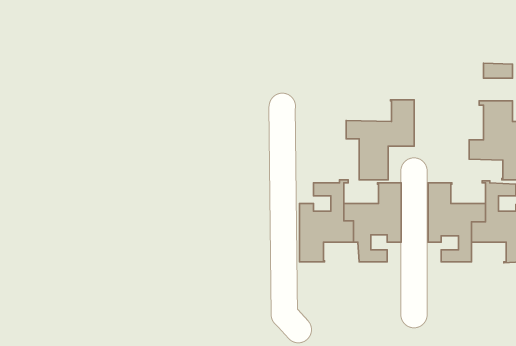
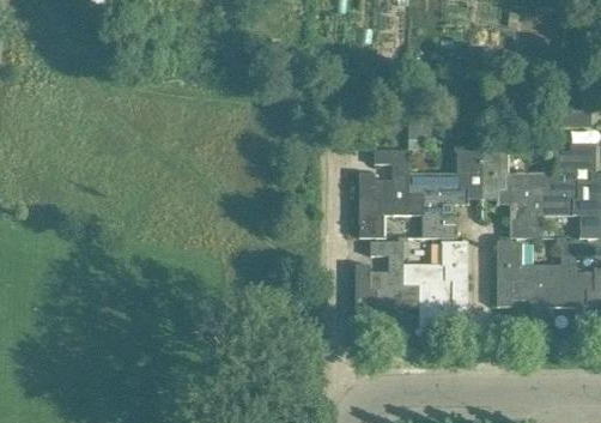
building: none -> [358,149,421,237]
building: none -> [482,149,559,237]

